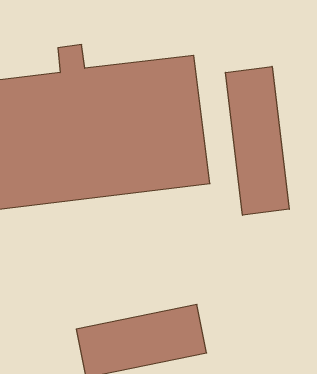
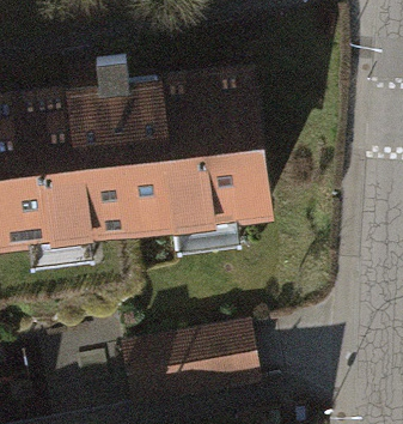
building: [225,66,289,215] -> none

